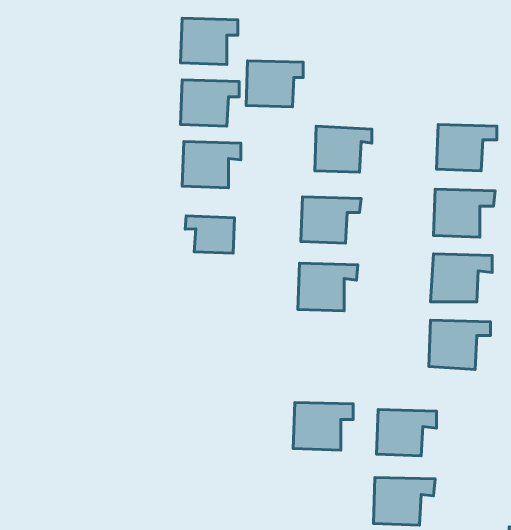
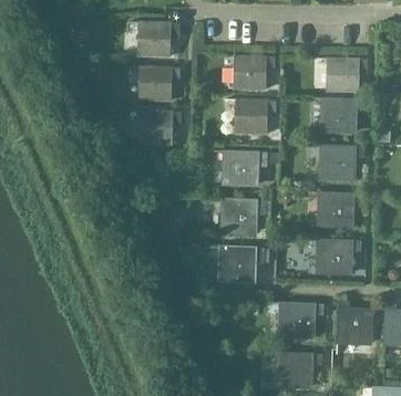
building: [246,61,303,107] -> [233,56,274,90]
building: none -> [327,59,368,92]
building: [185,216,234,253] -> none
building: [293,402,353,450] -> [220,247,264,281]
building: none -> [337,301,371,345]

